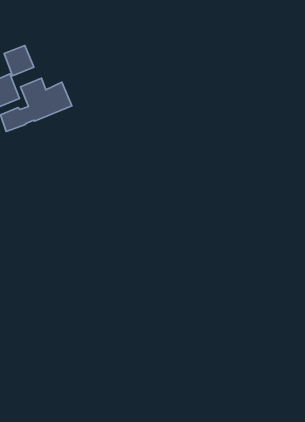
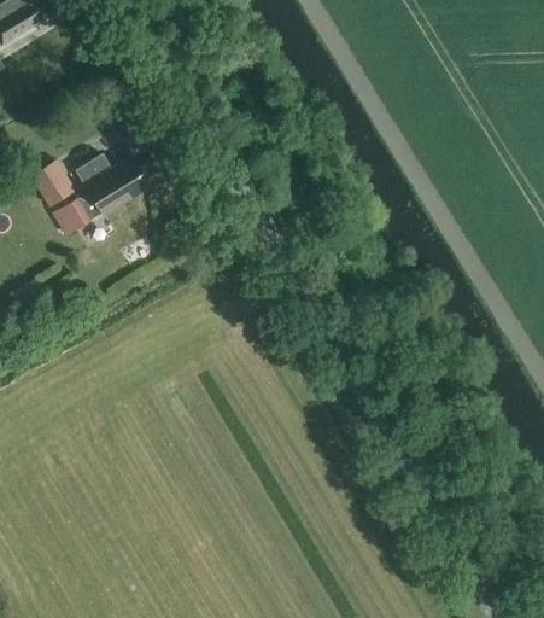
building: [4,45,34,76] -> none

